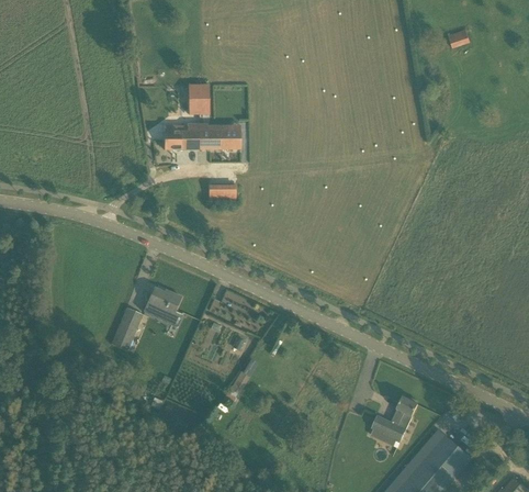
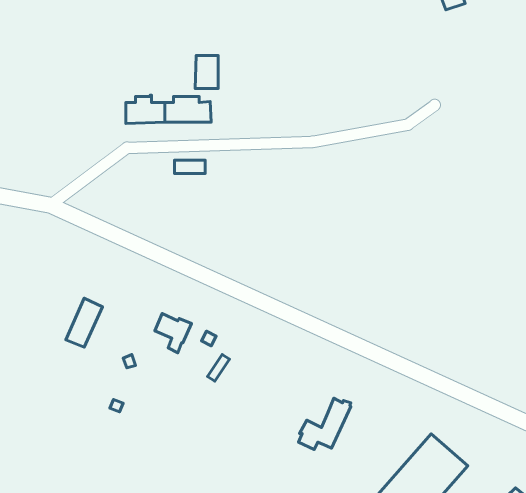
building: [187,85,207,114] -> [195,56,218,89]
building: [148,287,181,322] -> [155,314,191,353]
building: [371,395,418,441] -> [298,398,351,449]

